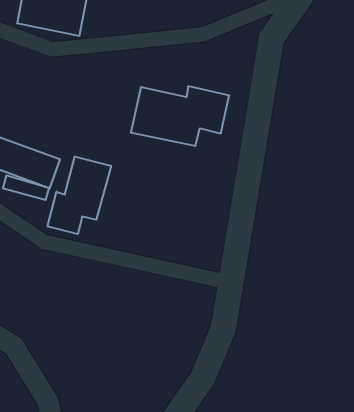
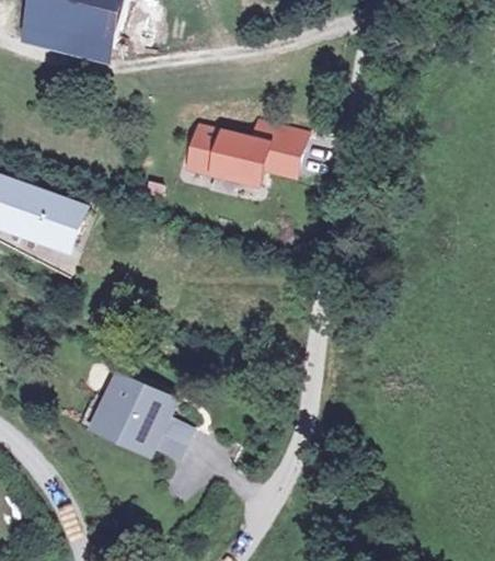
building: [48,156,111,234] -> none
building: none -> [91,368,189,453]

